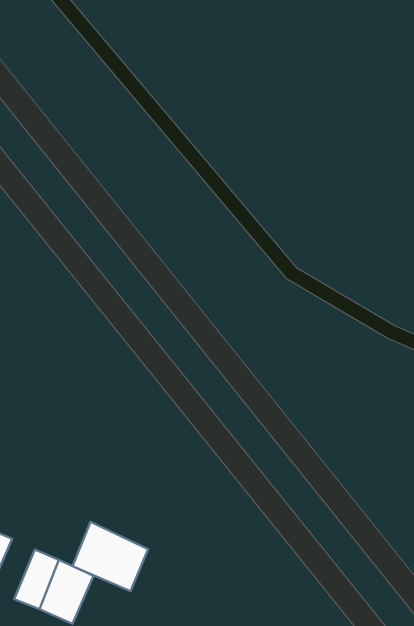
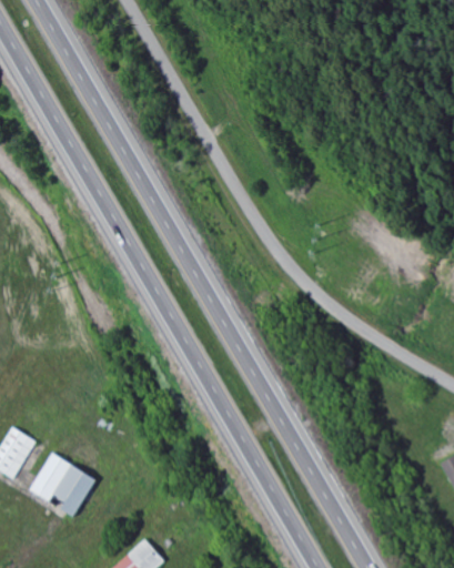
building: [72,522,148,591] -> none

